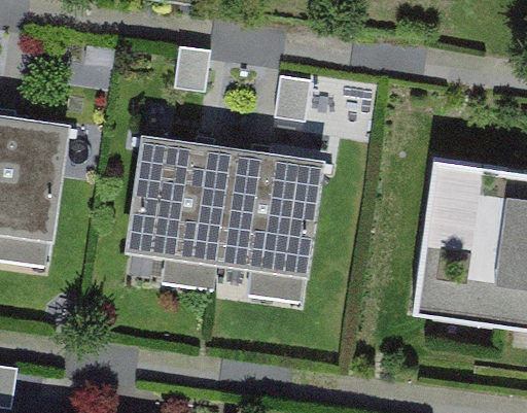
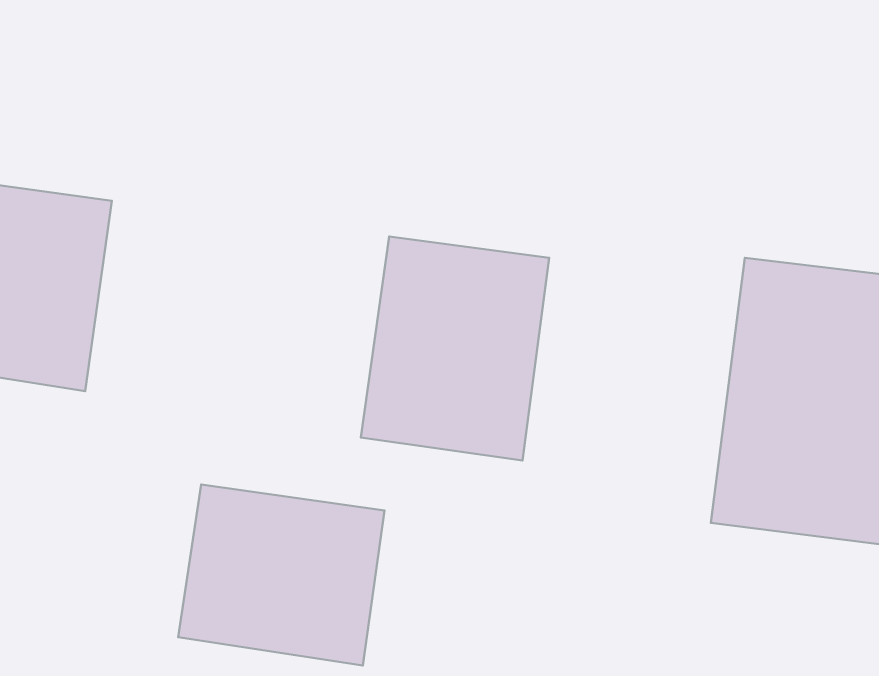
building: [124,135,234,265] -> none
building: none -> [178,485,384,665]

